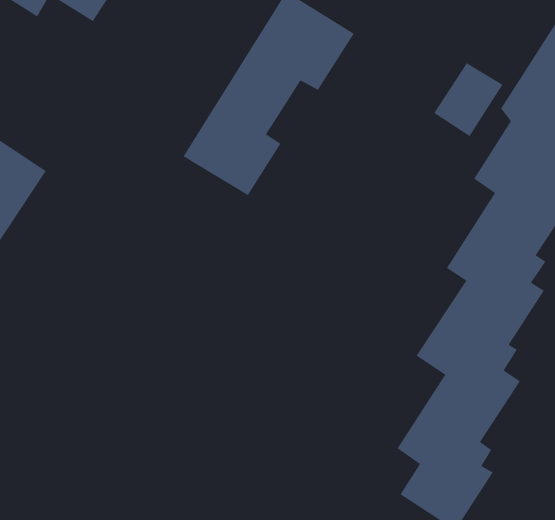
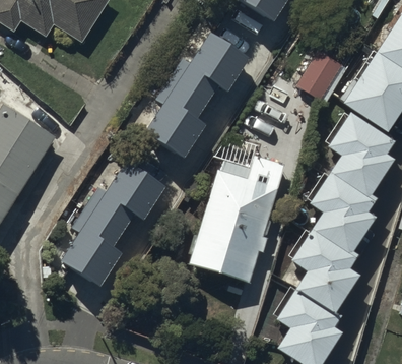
building: none -> [58,156,166,286]
building: none -> [191,158,287,284]

